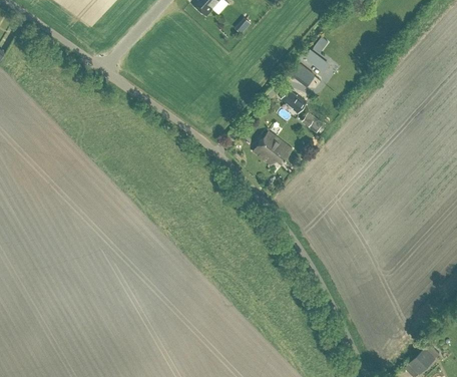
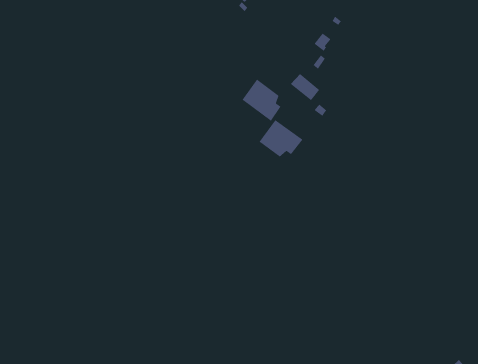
building: none -> [242,79,282,122]

